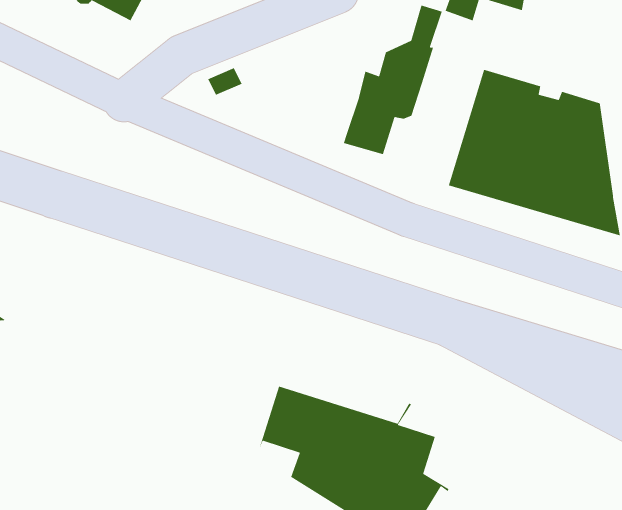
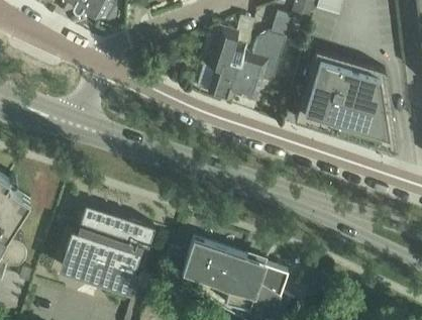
building: none -> [208,29,240,99]
building: none -> [62,204,154,292]

